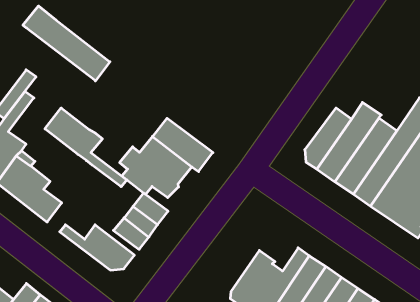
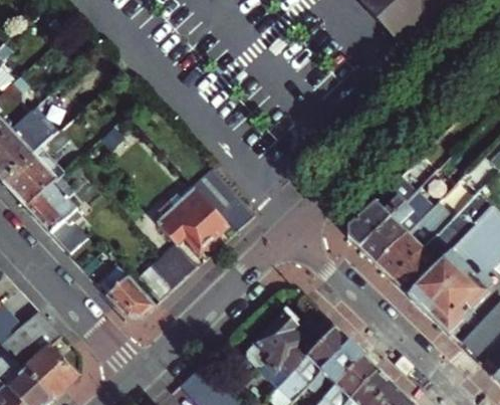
building: [23,6,110,81] -> none
building: [45,108,127,187] -> none

